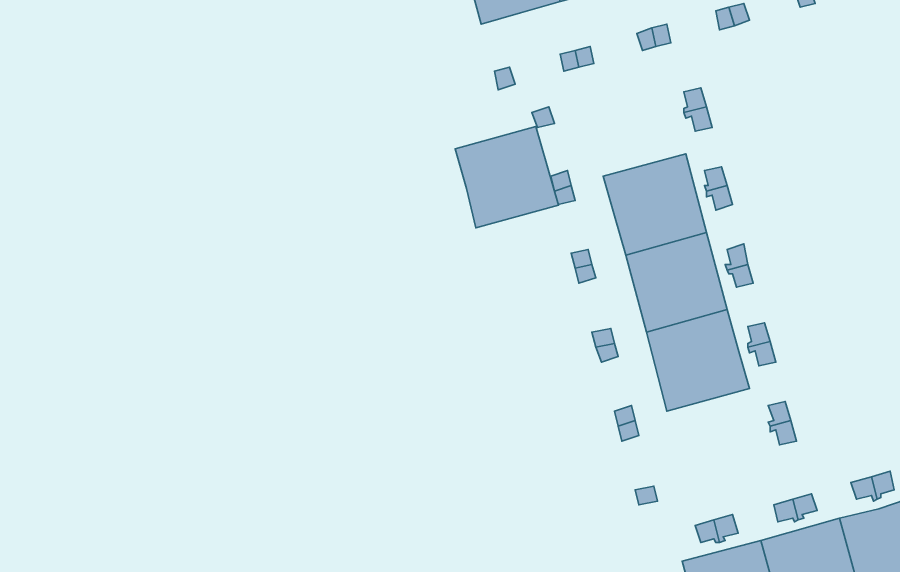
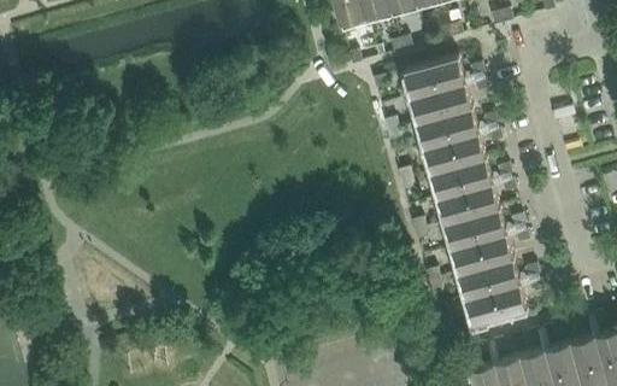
building: [455,126,558,228] -> [405,59,471,124]
building: none -> [459,261,525,326]

